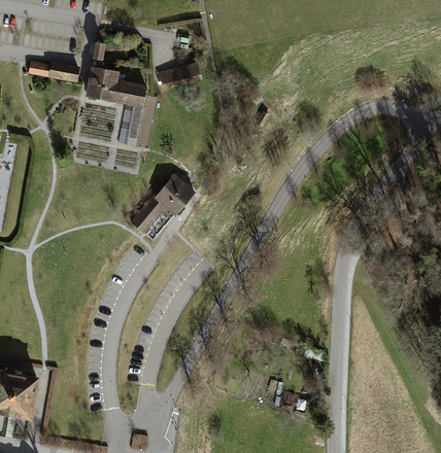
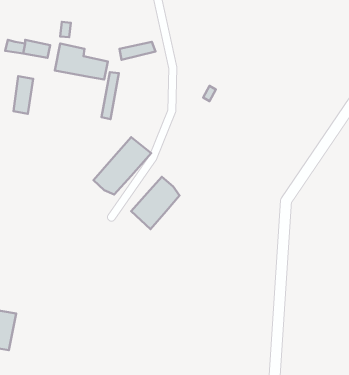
building: [118,105,141,148] -> [14,76,33,114]
building: none -> [131,177,180,229]

